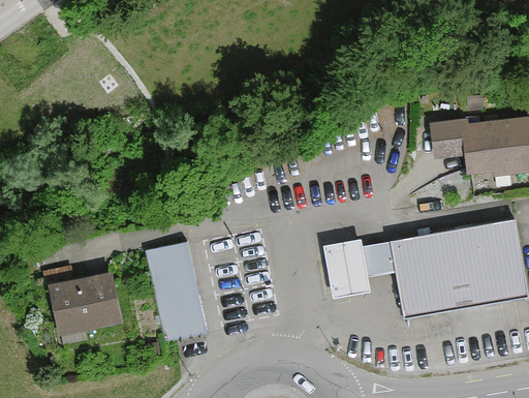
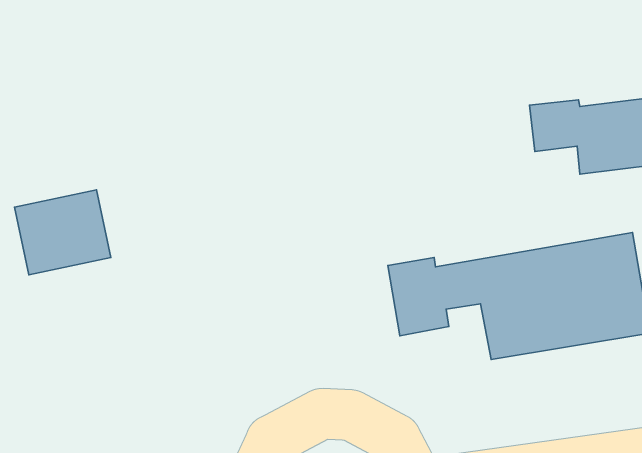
building: [150,244,207,340] -> none
building: [44,275,120,341] -> [14,190,111,275]

